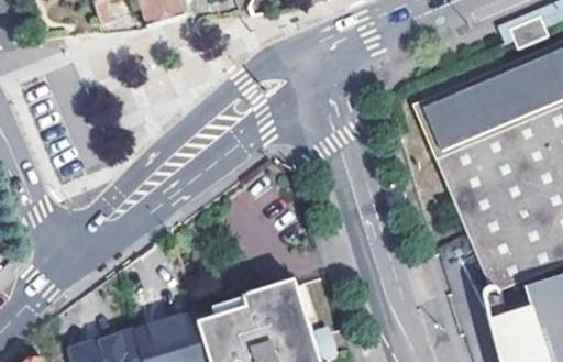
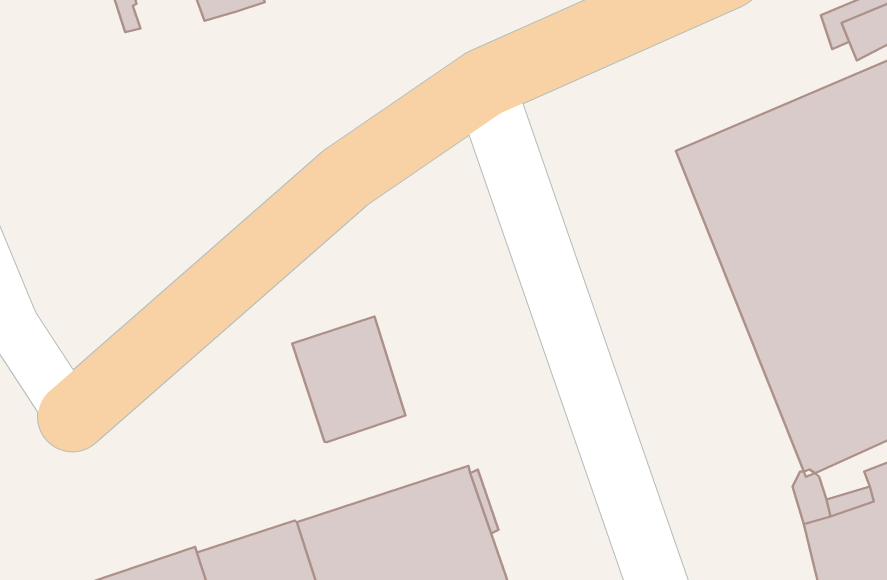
building: none -> [292,317,406,442]

